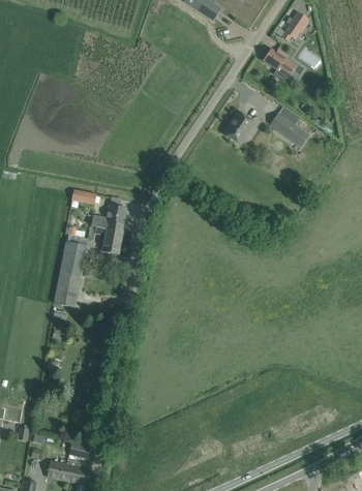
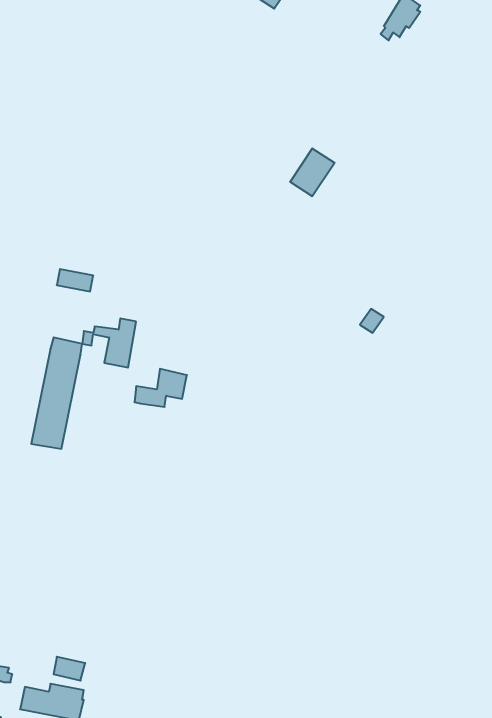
building: [263,48,296,83] -> none
building: [270,112,309,146] -> none
building: [92,204,126,228] -> [134,369,187,407]

